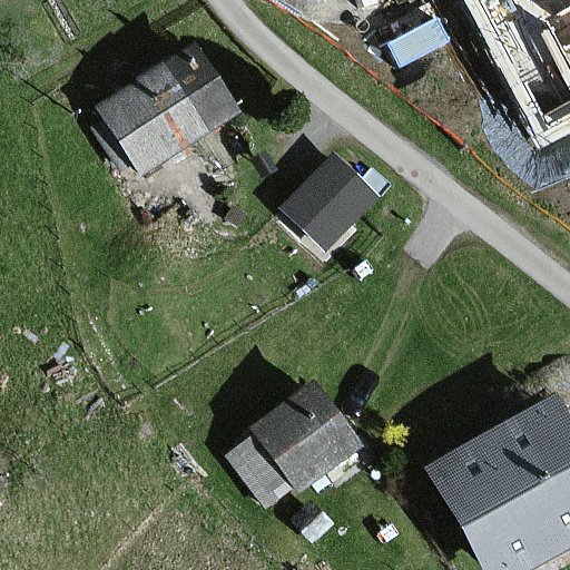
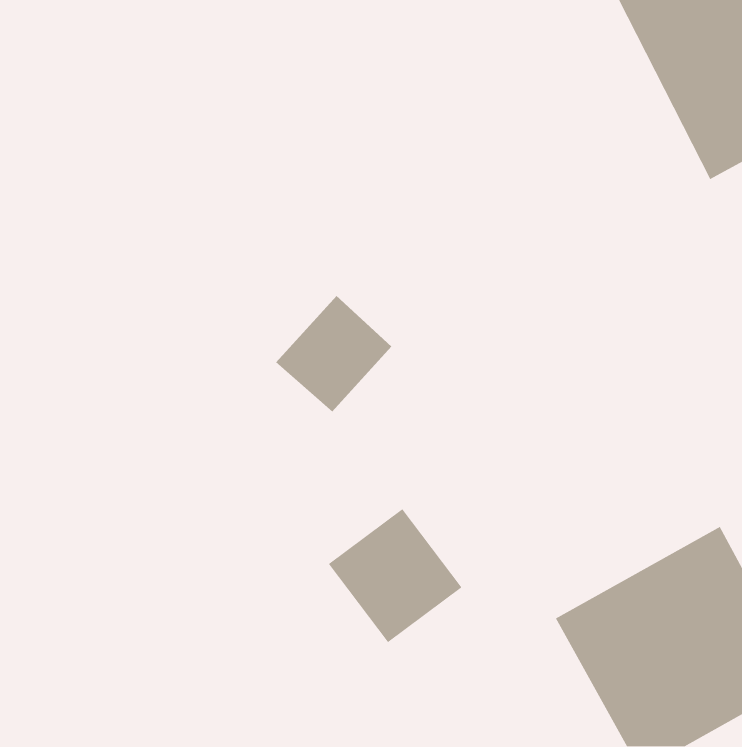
building: [99,47,234,171] -> none
building: [285,157,374,246] -> [275,295,392,412]

